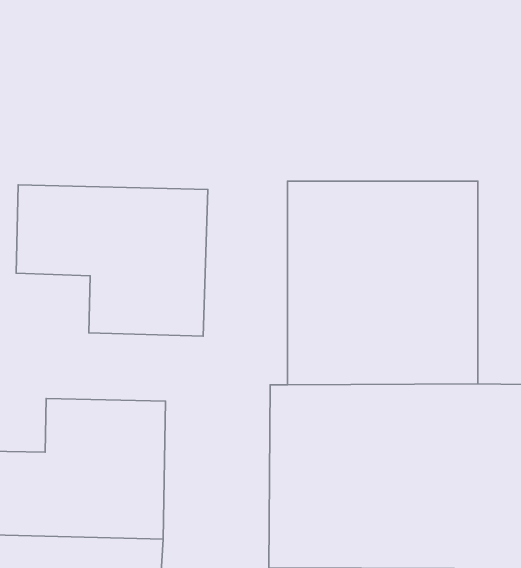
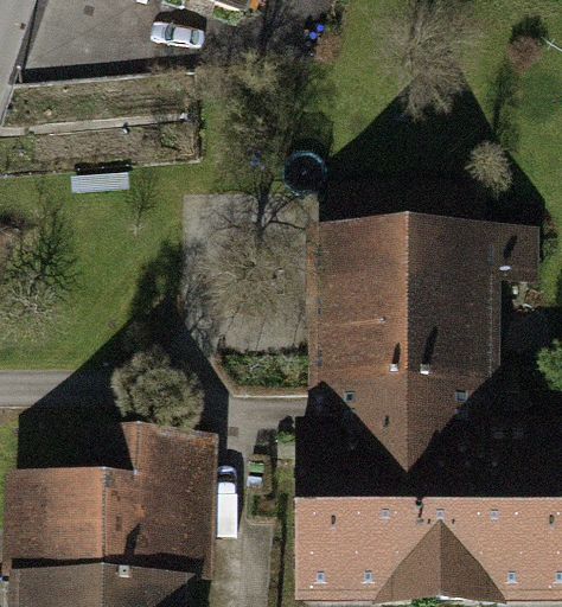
building: [16,185,208,336] -> none

